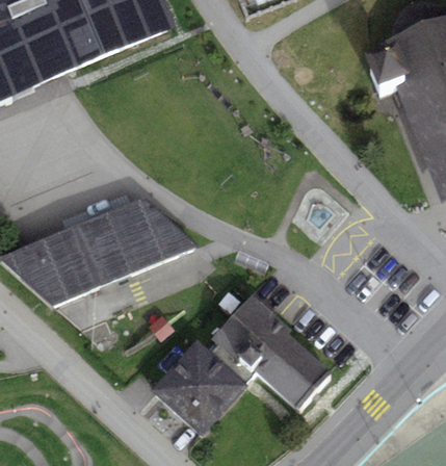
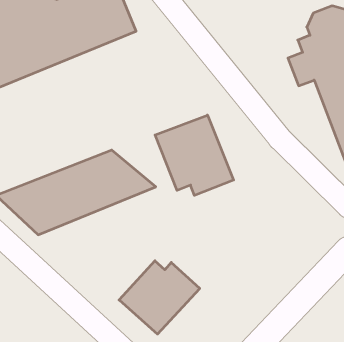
building: none -> [155,115,234,195]
building: [215,293,332,408] -> none

